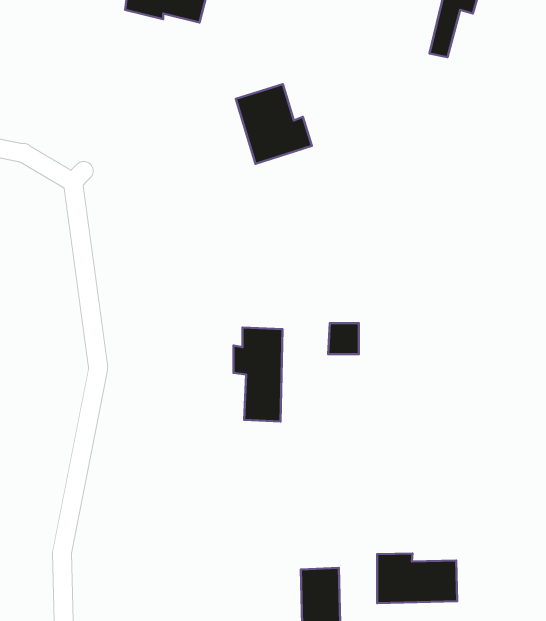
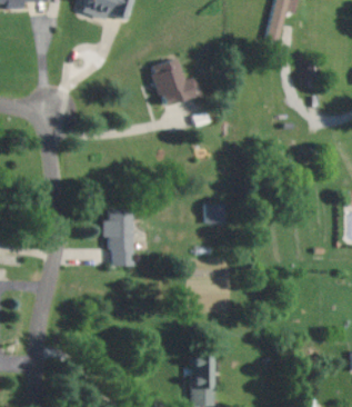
building: [233,327,282,422] -> [102,208,132,266]
building: [377,553,457,603] -> none

